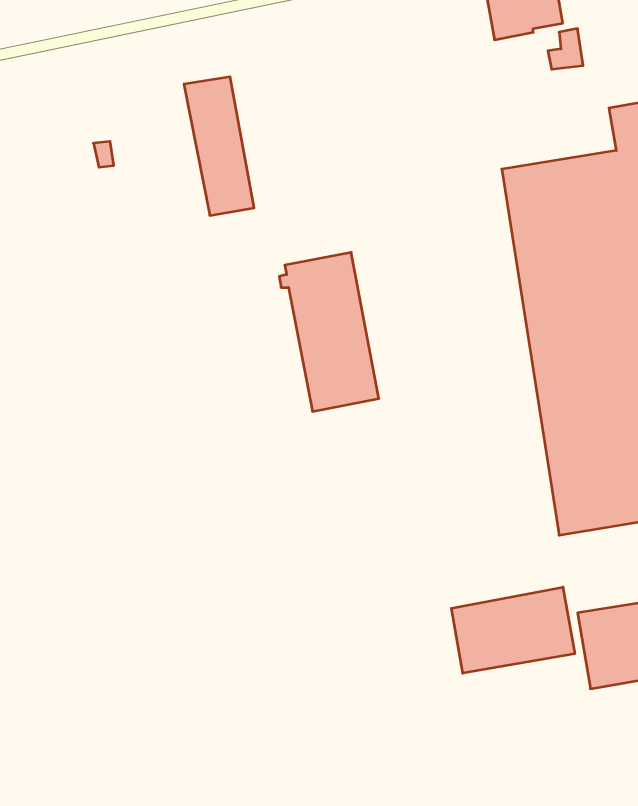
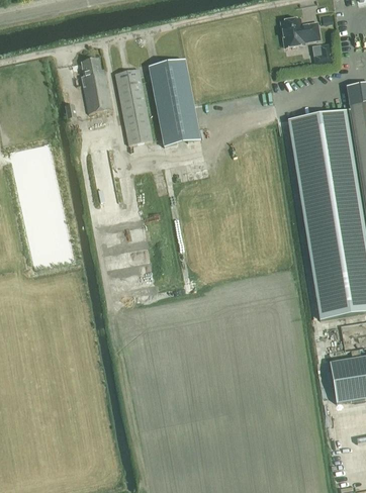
building: none -> [80,57,110,112]
building: [279,252,379,411] -> [146,59,200,145]
building: [451,587,575,673] -> none

